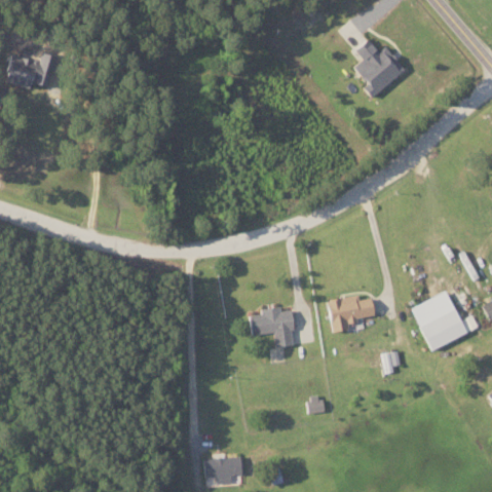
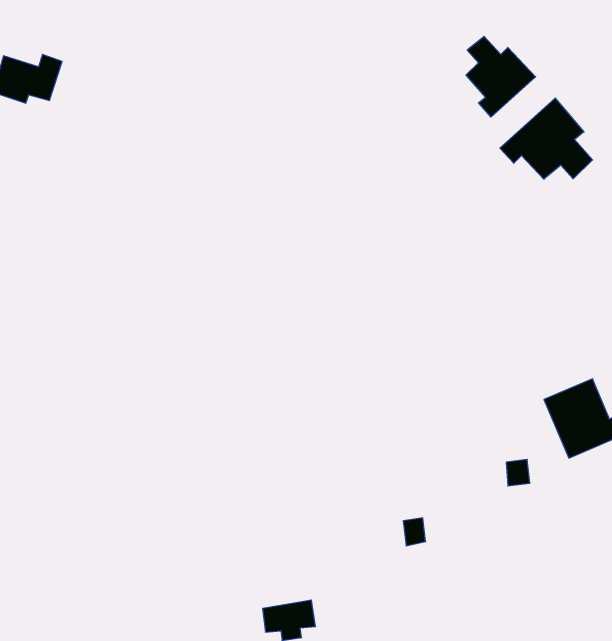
building: none -> [500,98,593,179]
building: [328,295,375,333] -> none
building: [250,307,295,347] -> none

